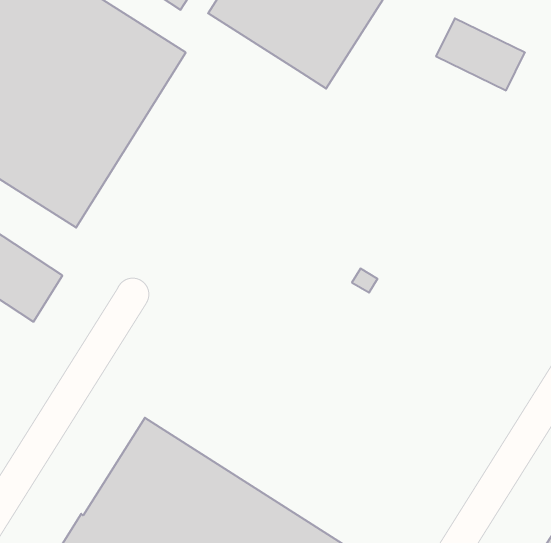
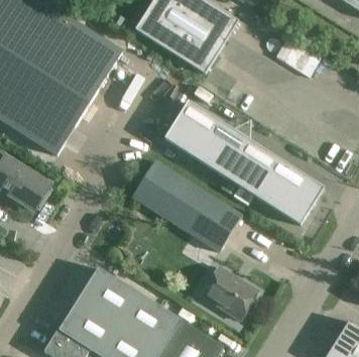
building: none -> [164,101,324,224]
building: none -> [132,159,242,251]
building: none -> [201,265,258,319]

